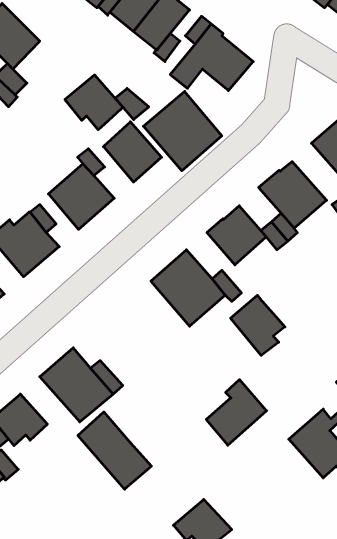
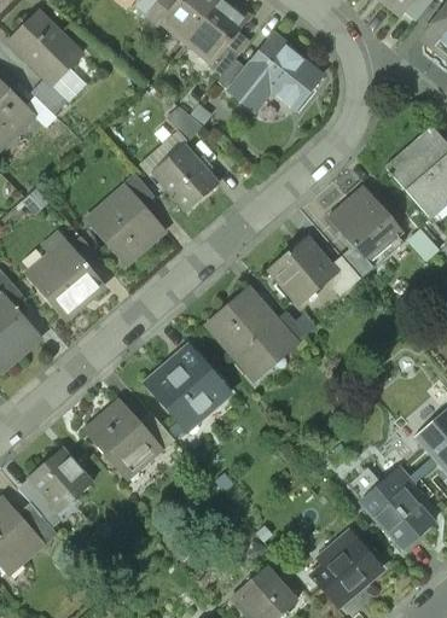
building: [65,75,123,130] -> none
building: [143,91,222,171] -> none
building: [231,295,285,355] -> none
building: none -> [152,344,230,425]
building: [206,380,267,445] -> [314,531,382,605]
building: [78,412,151,489] -> none

